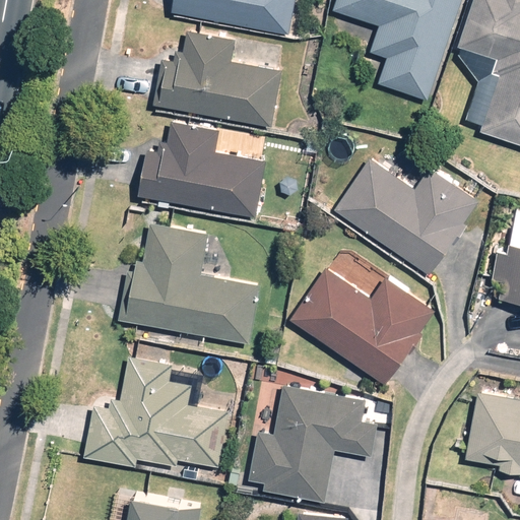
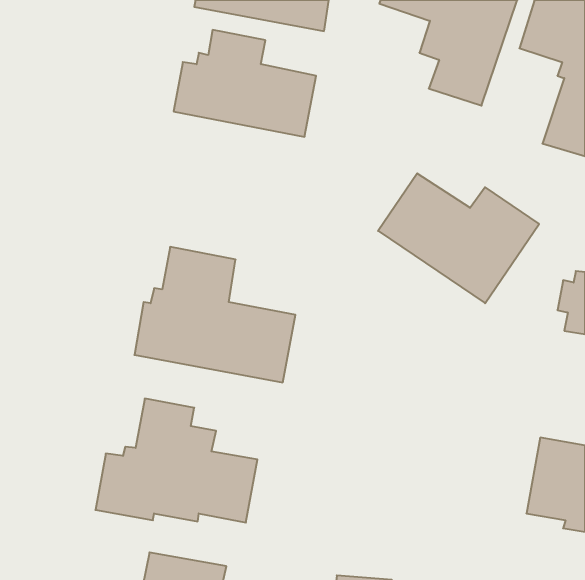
building: [139,123,265,218] -> none
building: [289,268,434,385] -> none
building: [249,386,377,502] -> none

